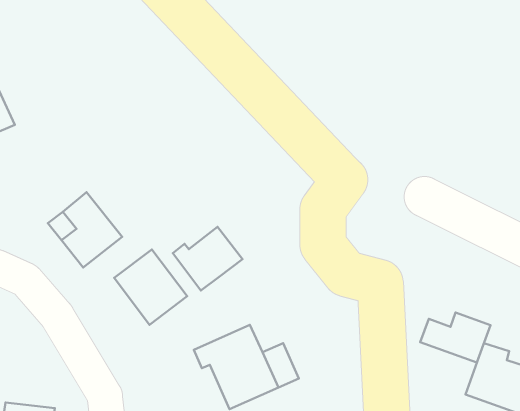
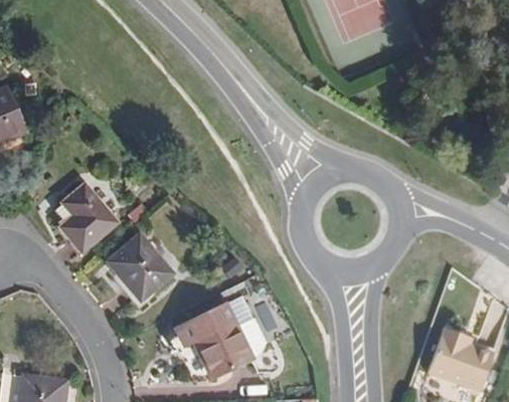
building: [173,227,242,290] -> none
building: [420,313,490,363] -> none

